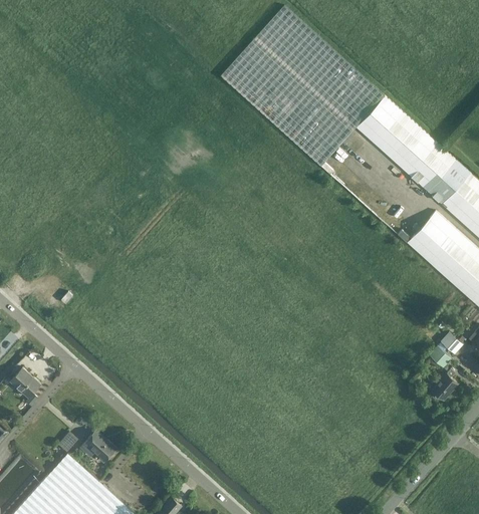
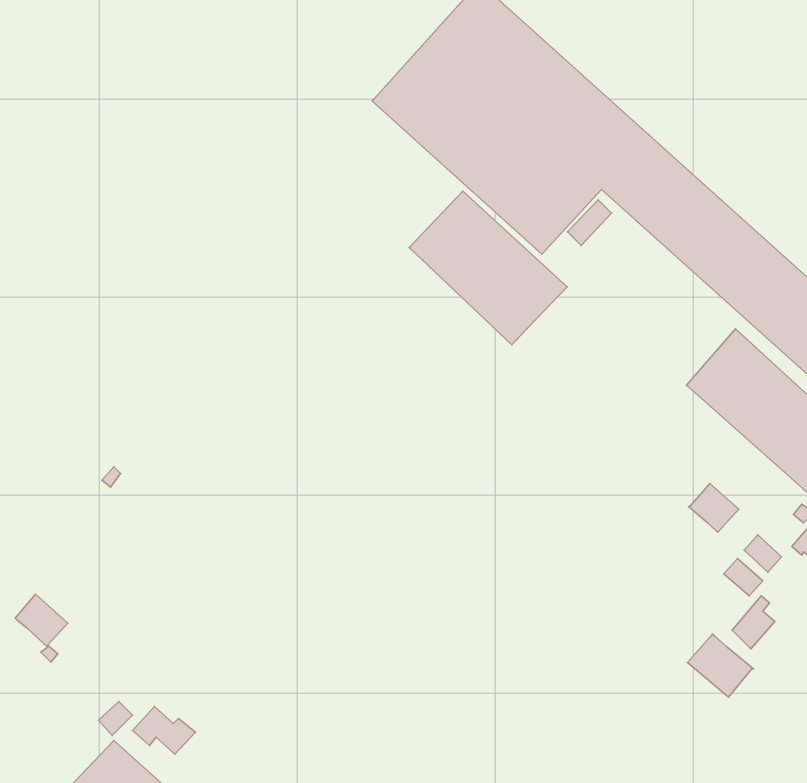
building: none -> [409,191,567,345]
building: none -> [689,483,739,532]
building: none -> [688,634,753,697]

